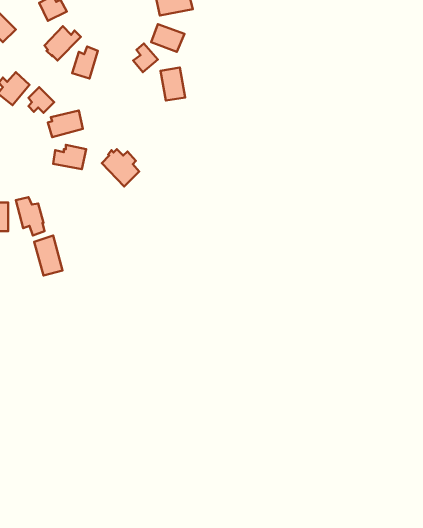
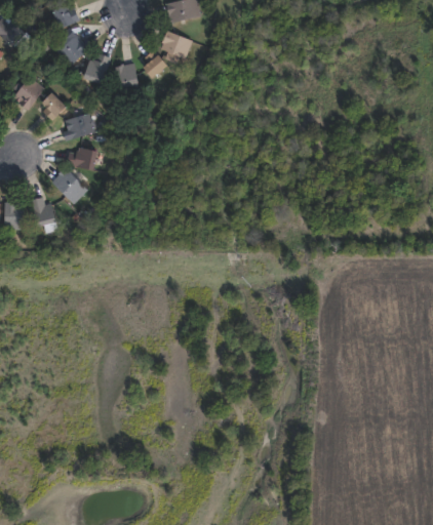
building: [161,68,185,101] -> [115,64,139,95]
building: [102,149,139,187] -> [51,168,87,204]
building: [34,235,62,275] -> none

